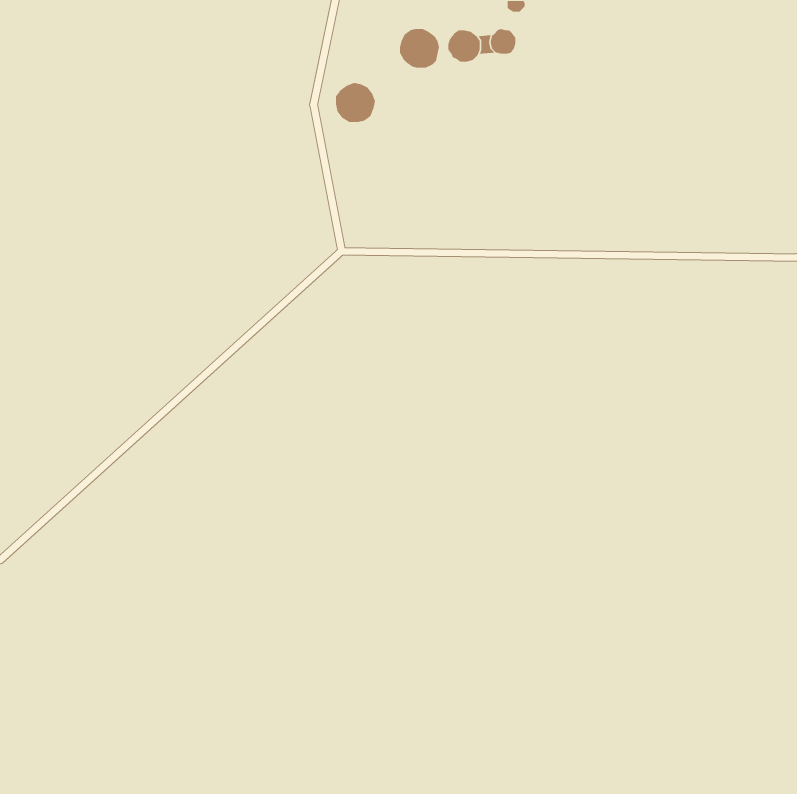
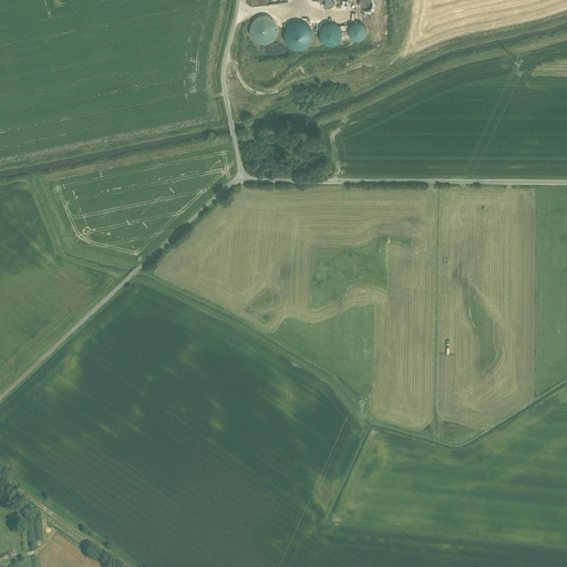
building: [335,82,376,123] -> [249,16,278,44]

